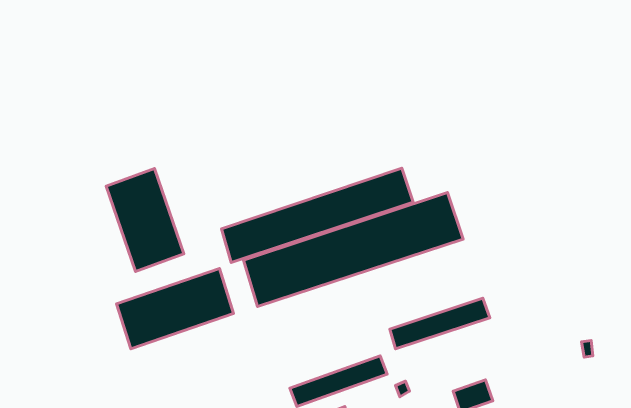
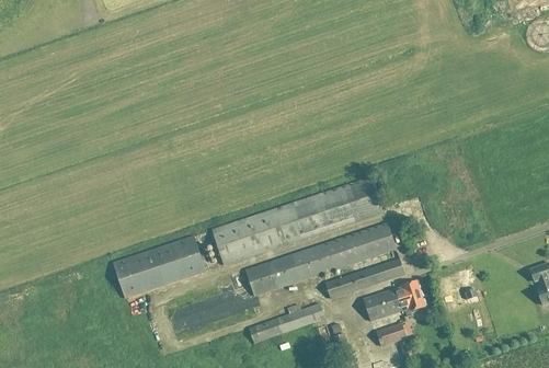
building: [221,168,413,263] -> [247,221,396,295]
building: [106,168,184,271] -> none
building: none -> [363,278,426,320]

